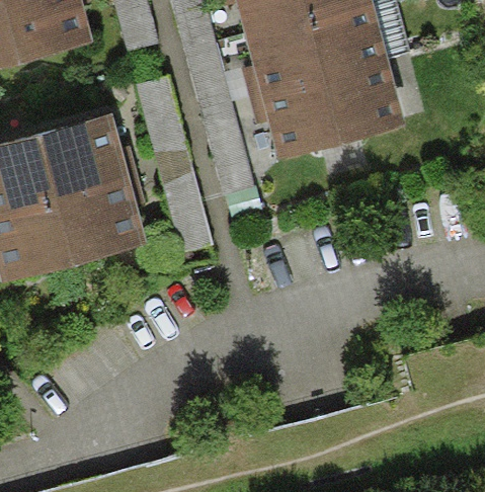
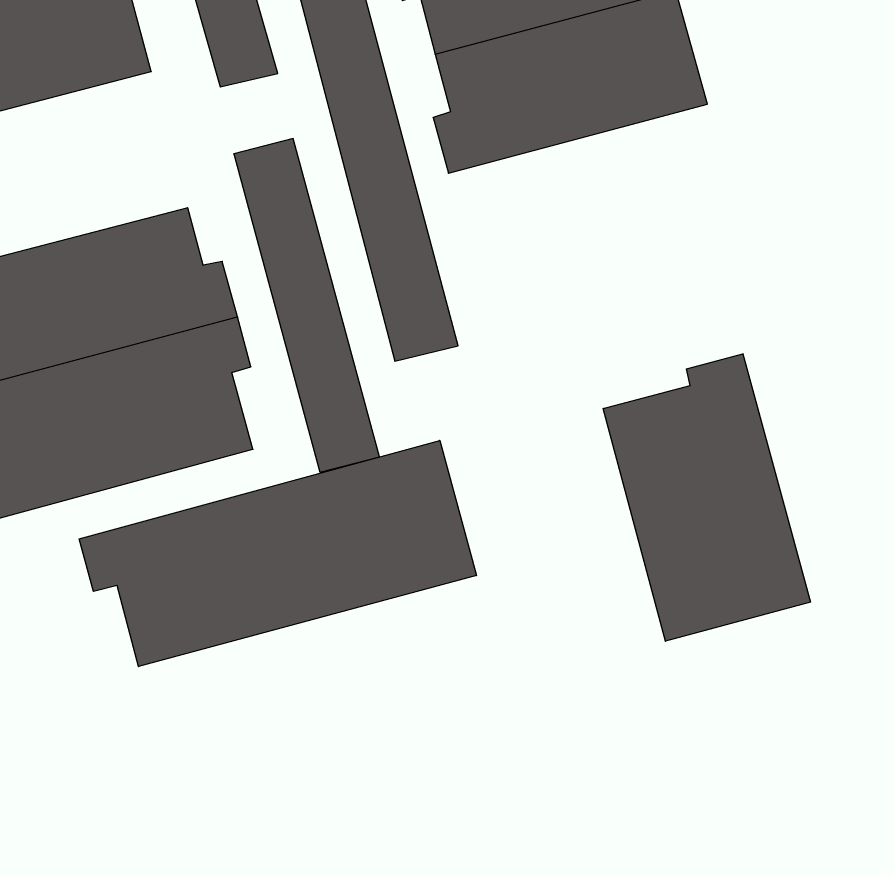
building: [249,59,405,162] -> none
building: none -> [603,354,811,641]
building: none -> [79,440,476,667]

